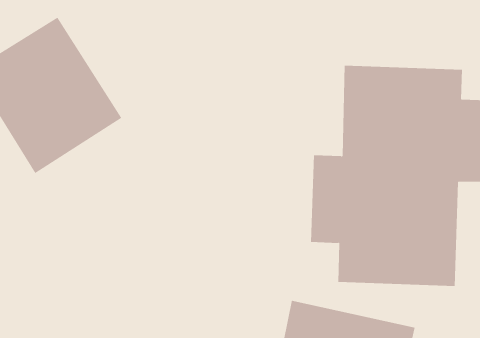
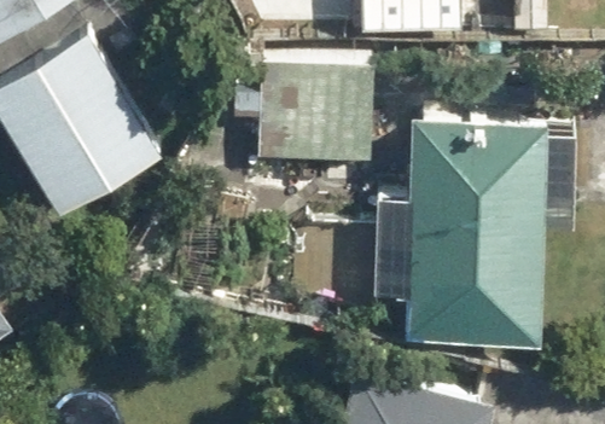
building: none -> [256,64,376,168]

